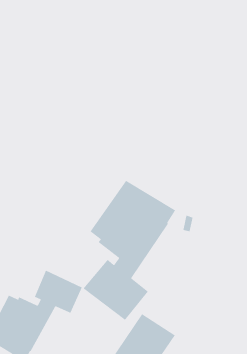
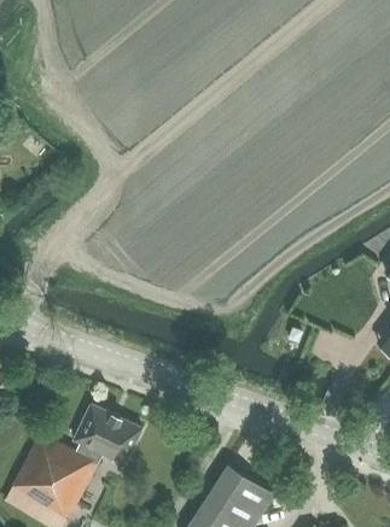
building: [83,180,176,321] -> none

